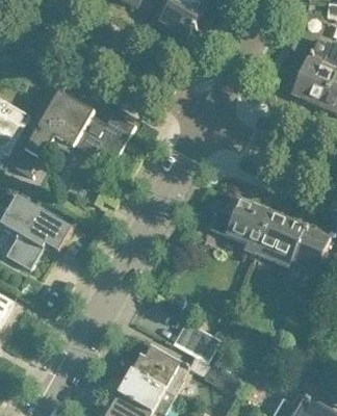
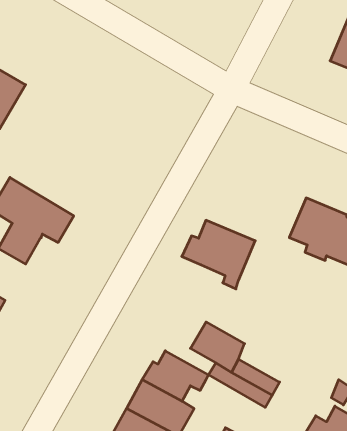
building: [15,90,134,176] -> none
building: [208,194,271,254] -> [182,220,255,289]

